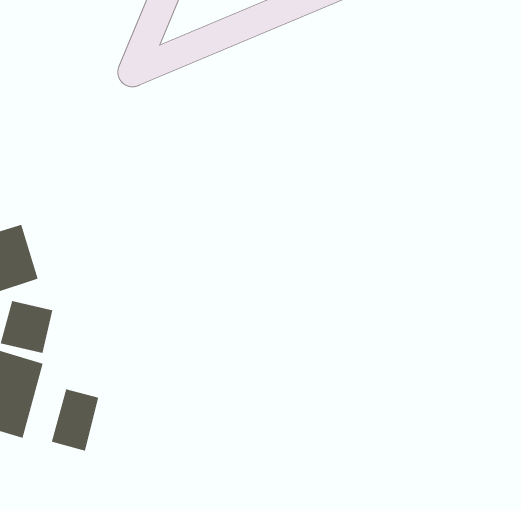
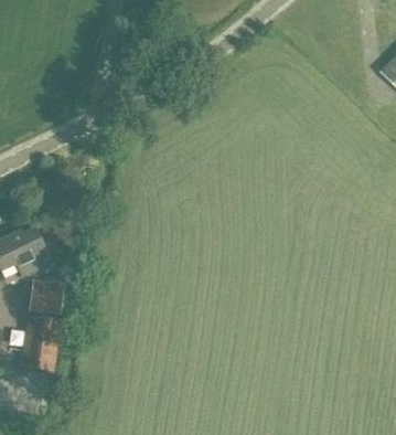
building: [51,388,99,451] -> none

